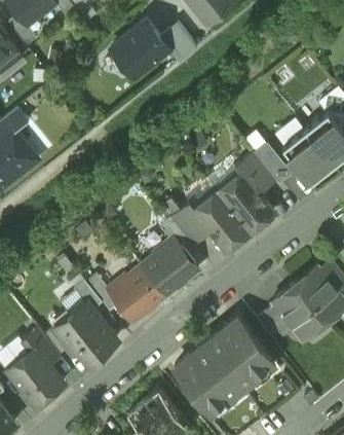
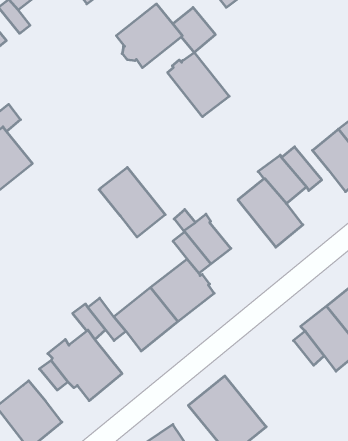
building: none -> [168,52,229,117]
building: [193,190,251,251] -> [99,167,165,237]
building: [206,318,274,388] -> none
building: [23,329,61,365] -> none

